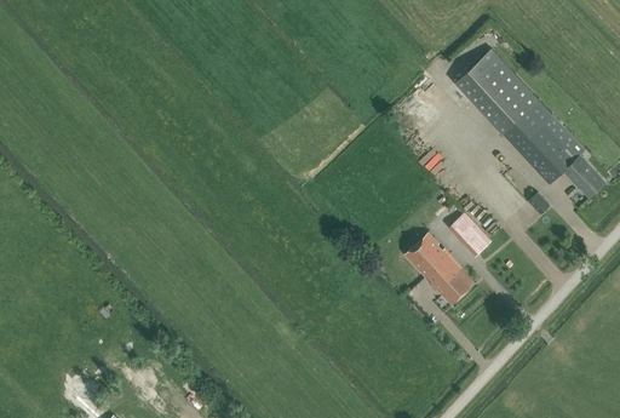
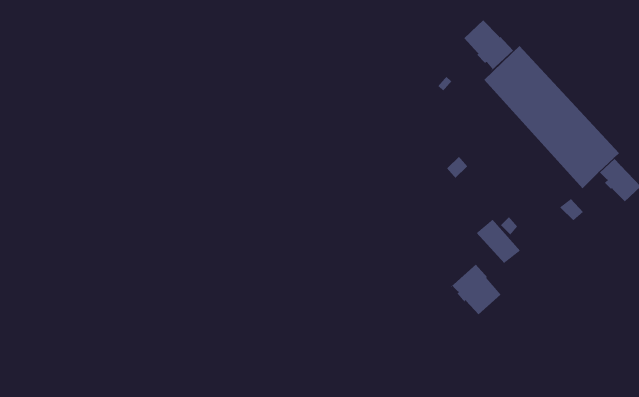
building: none -> [463,20,514,71]
building: [404,233,449,276] -> none

